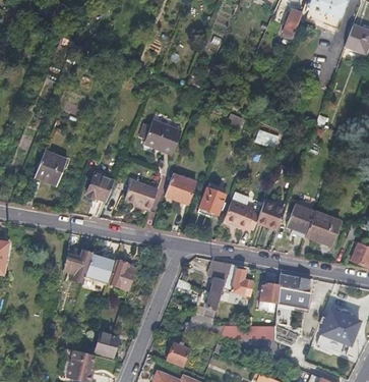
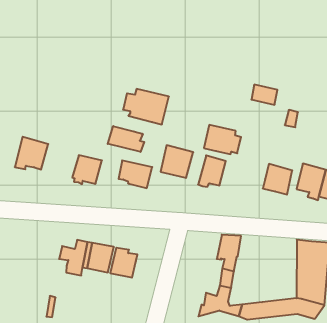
building: none -> [108,126,144,152]
building: [225,200,259,228] -> [204,125,241,154]
building: [226,263,254,293] -> none
building: [259,282,279,313] -> none

